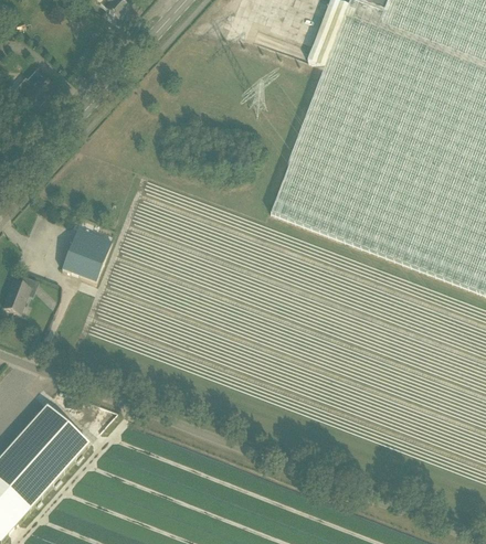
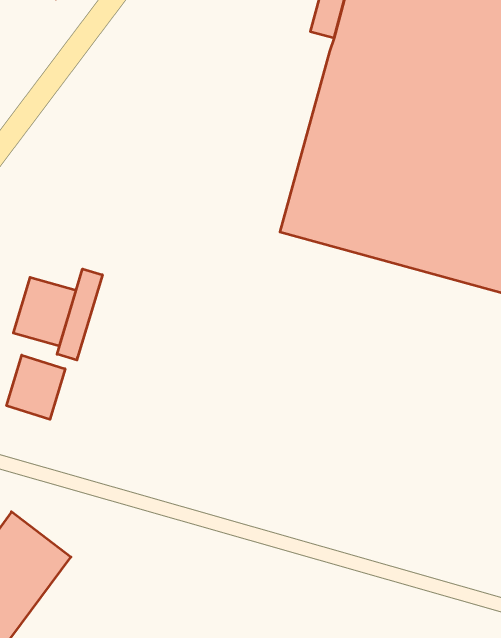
building: none -> [57,269,102,360]
building: none -> [7,355,65,419]

